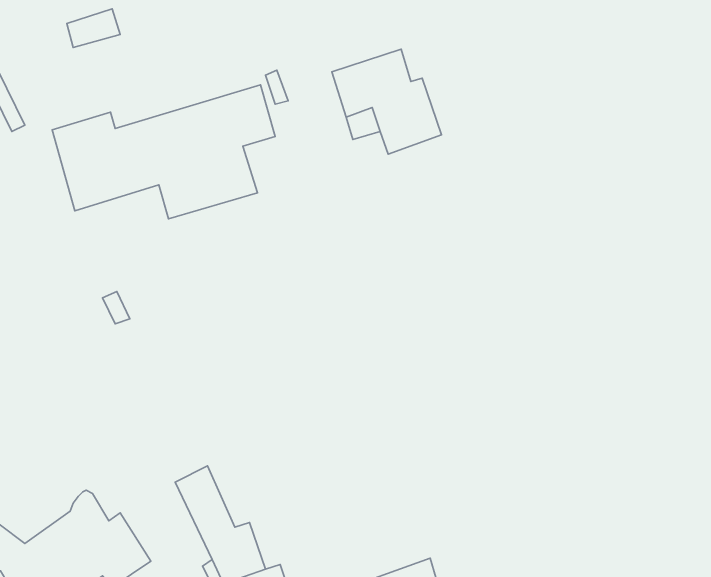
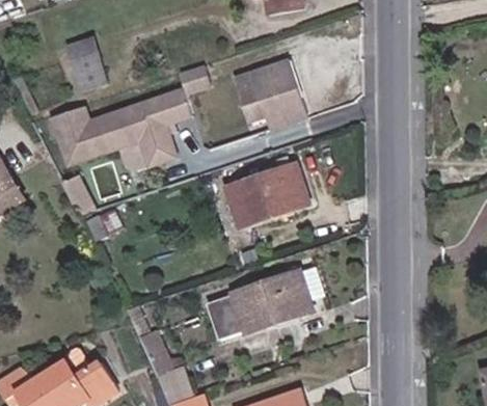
building: none -> [69,53,109,92]
building: none -> [225,166,308,225]
building: none -> [206,267,323,340]

